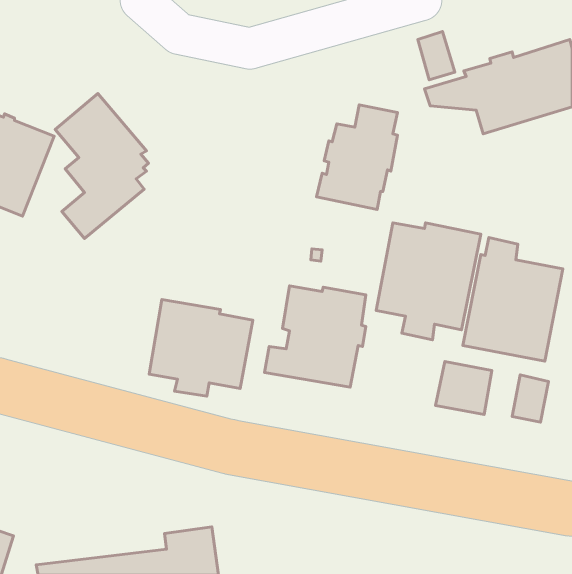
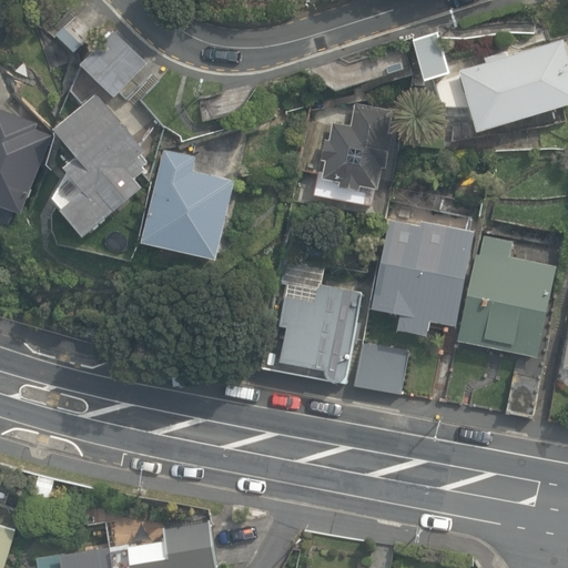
building: none -> [79,30,145,97]
building: none -> [141,150,233,258]
building: [149,300,253,396] -> none
building: [436,362,492,414] -> [352,343,407,395]

